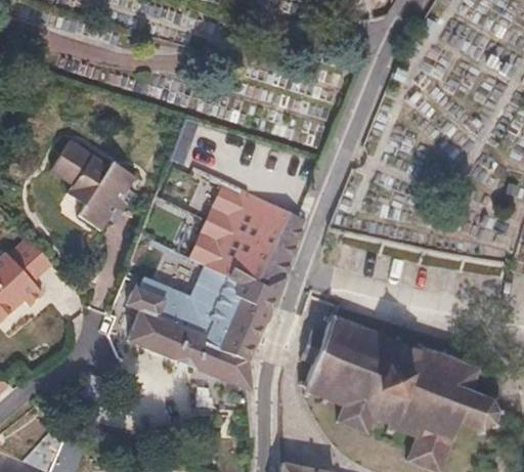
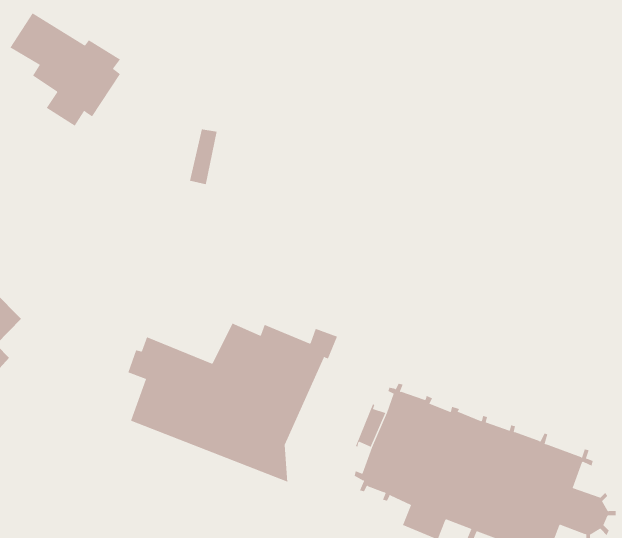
building: [47,142,132,229] -> [10,13,121,127]
building: [189,189,308,282] -> none

